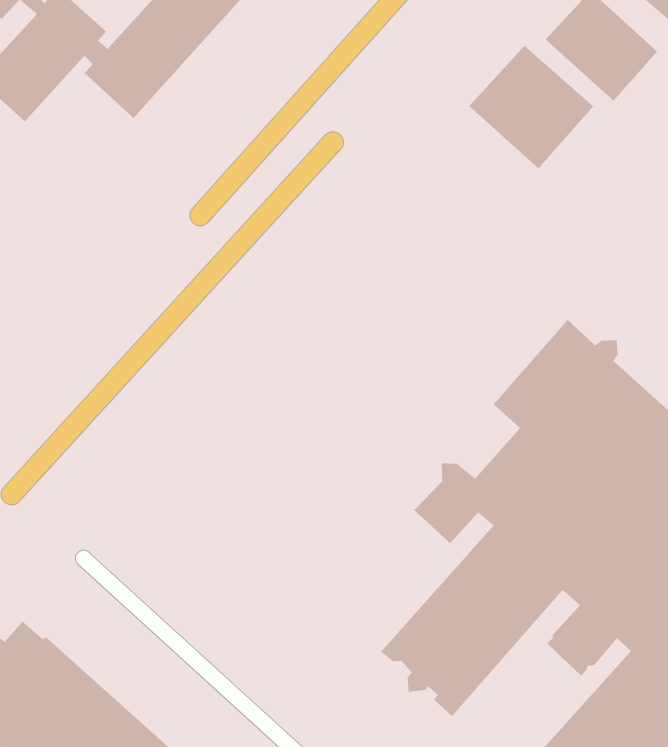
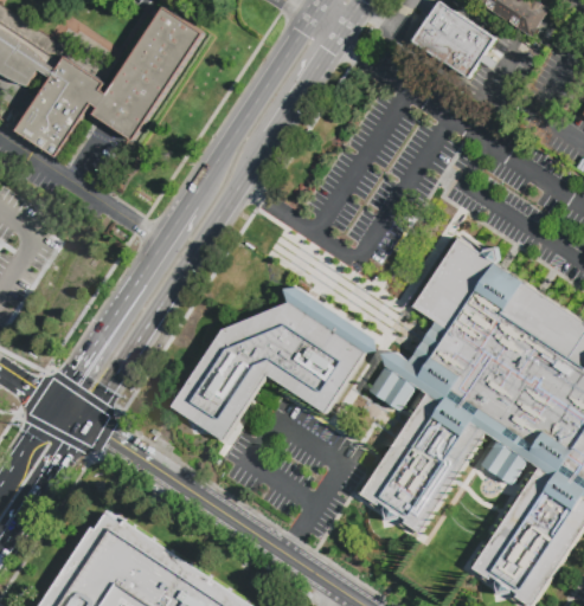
building: [469,45,594,169] -> none
building: none -> [173,286,377,439]

